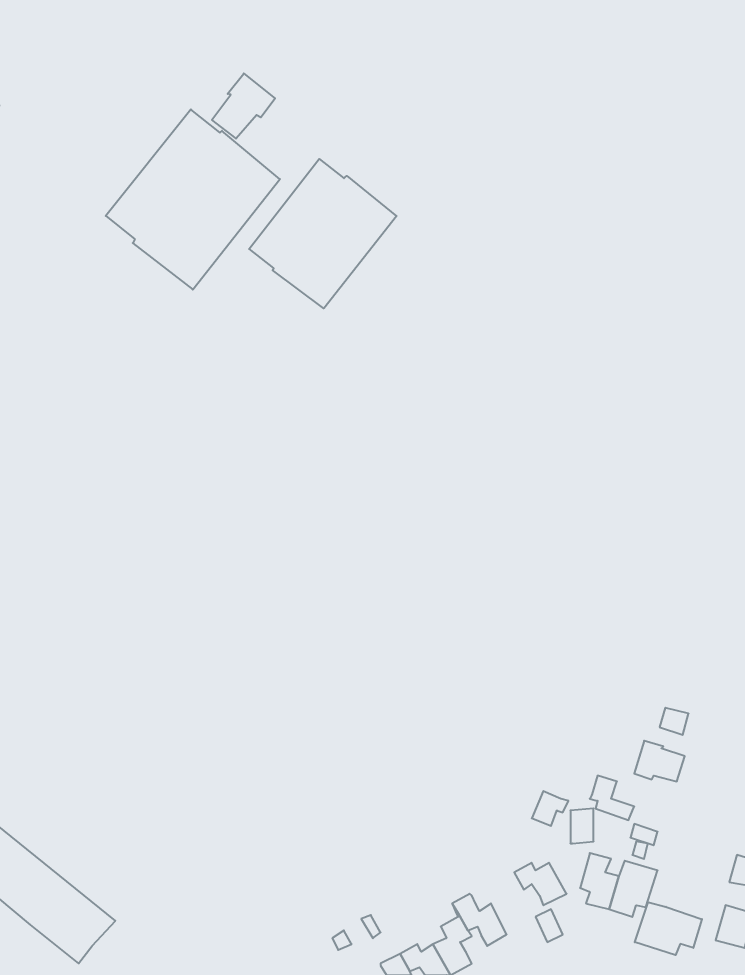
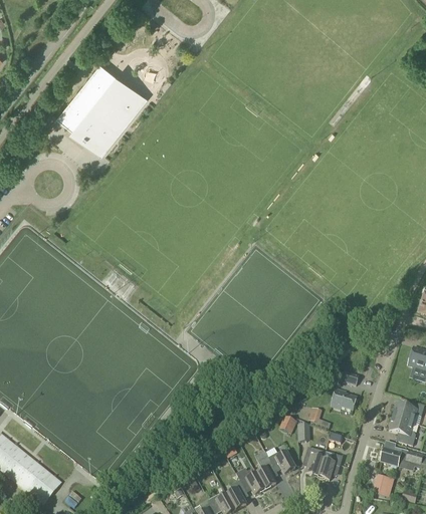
building: [212,73,275,139] -> none
building: [249,159,397,308] -> none
building: none -> [254,451,276,490]
building: [635,902,702,955] -> none

